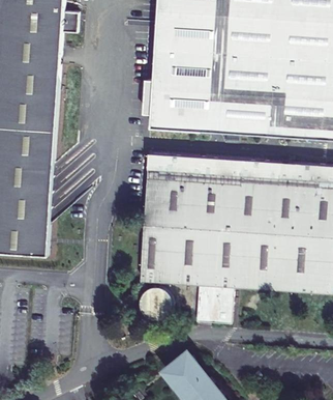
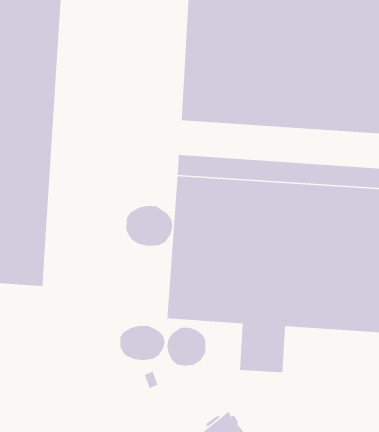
building: none -> [125,205,173,247]
building: none -> [119,325,165,361]

